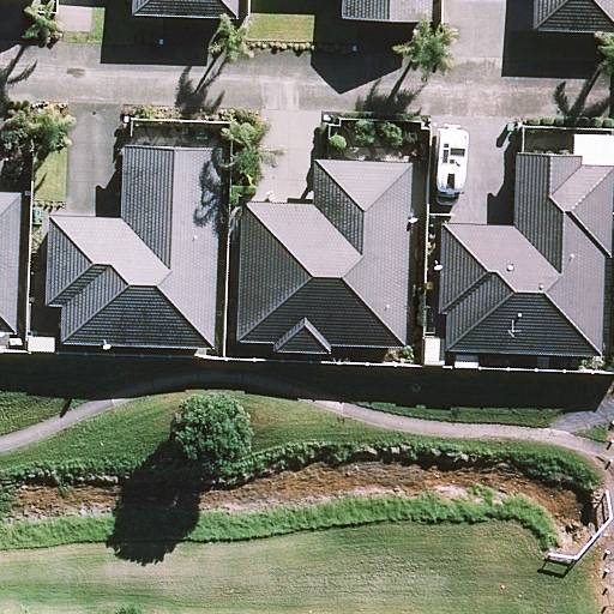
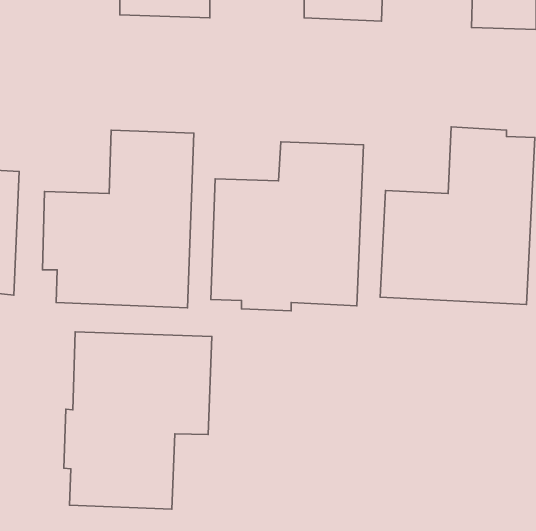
building: none -> [64,332,212,509]

